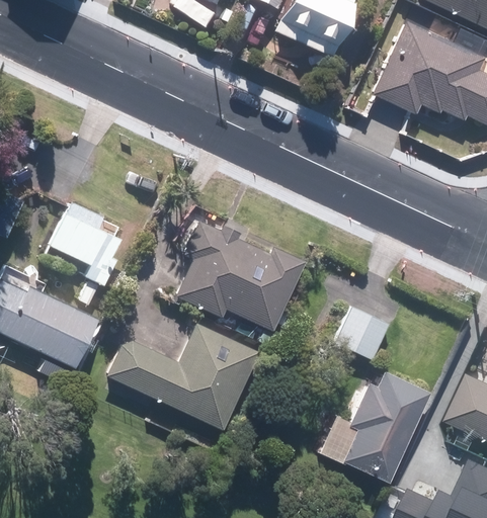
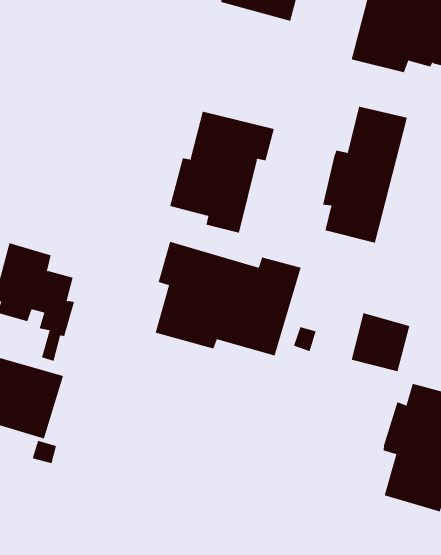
building: none -> [170,111,275,234]
building: none -> [323,106,408,244]
building: [120,325,257,425] -> none

